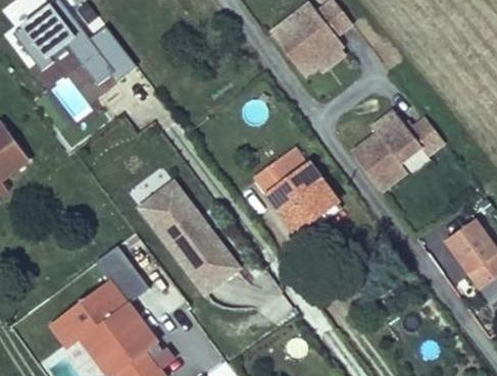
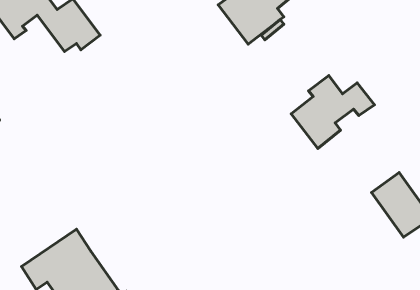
building: [259,148,337,229] -> none
building: [141,181,239,291] -> none
building: [99,247,151,305] -> none

